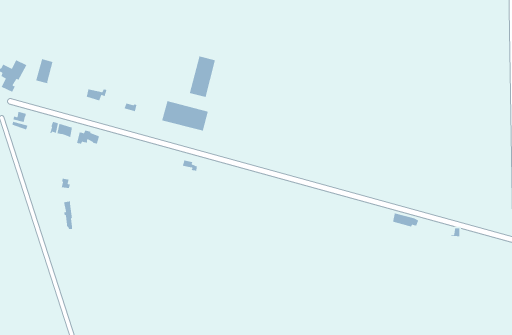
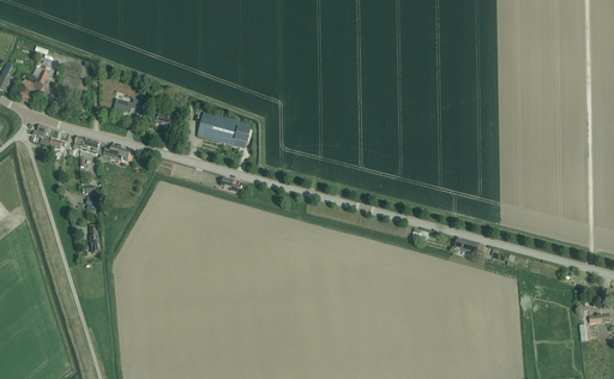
building: [189,55,216,98] -> none

